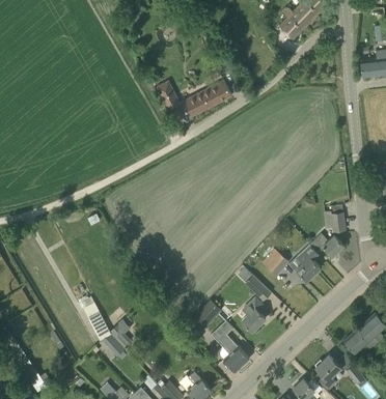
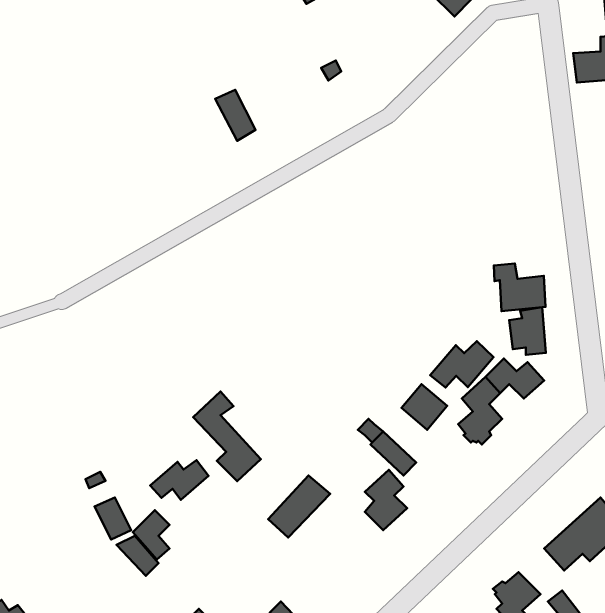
building: [182,82,231,117] -> none
building: none -> [494,264,545,311]
building: none -> [430,341,494,388]
building: none -> [150,460,208,500]
building: [211,320,249,371] -> [193,391,261,481]

